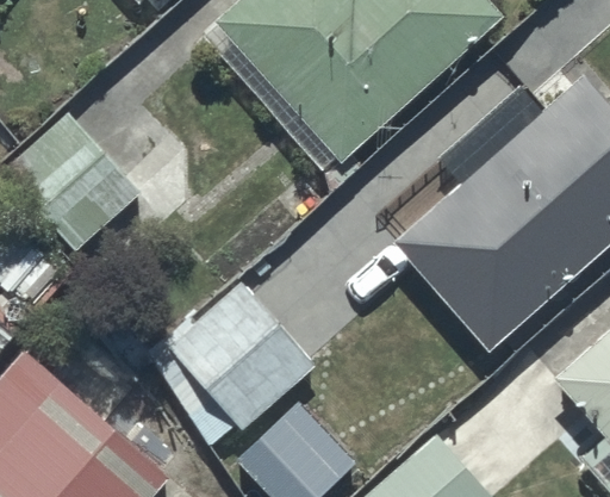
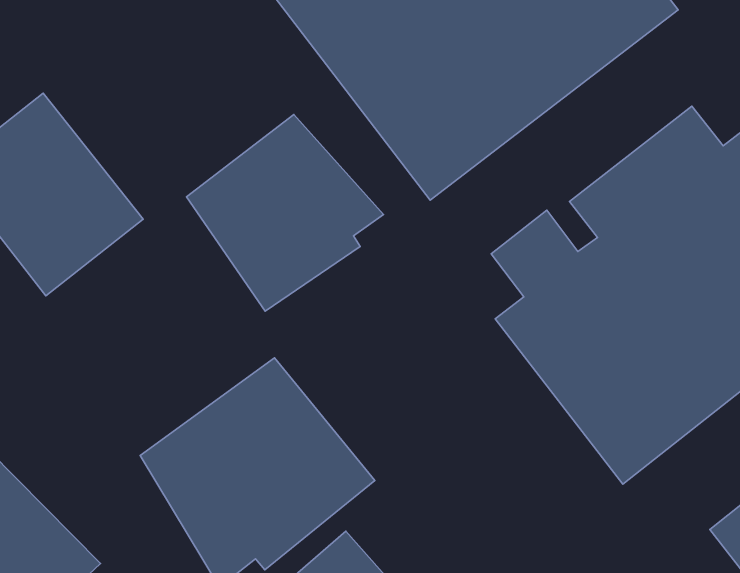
building: none -> [187,115,384,311]

